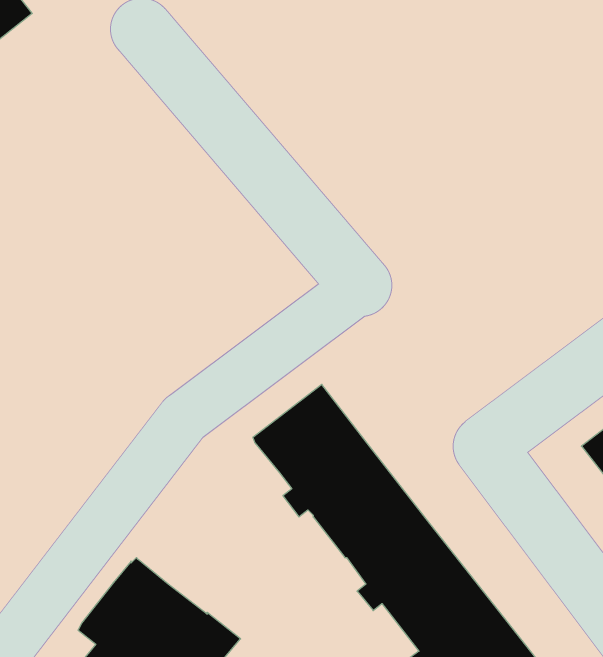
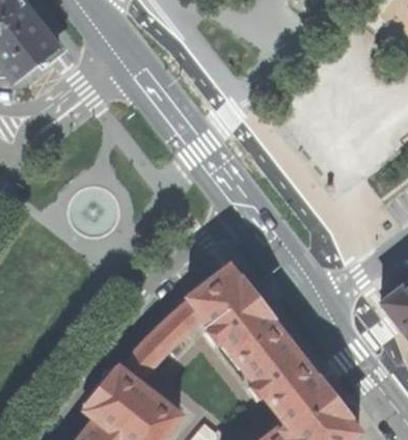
building: none -> [120,298,203,381]

